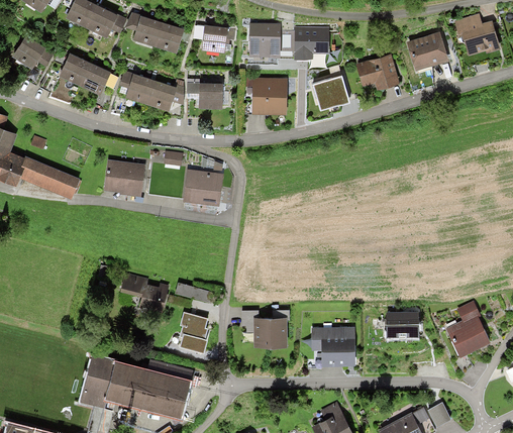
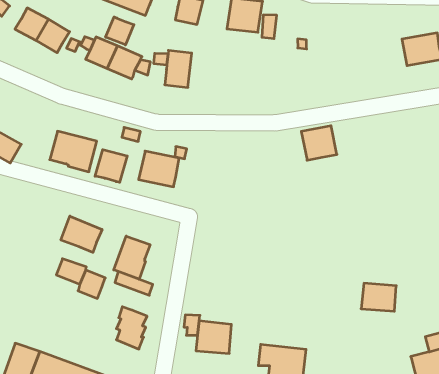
building: [296,27,330,60] -> none
building: none -> [106,17,134,45]
building: [357,58,397,89] -> none
building: [314,76,348,109] -> [301,126,337,160]
building: [252,82,285,113] -> none
building: none -> [95,150,127,182]
building: none -> [61,216,102,252]
building: none -> [114,236,150,279]
building: [387,311,417,335] -> [361,283,396,311]

